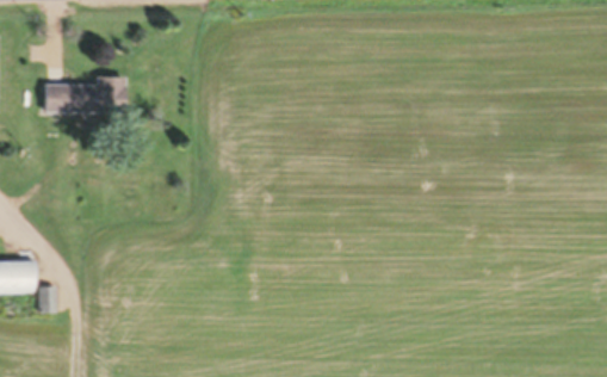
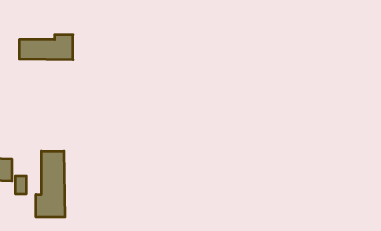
building: none -> [36,151,65,217]

